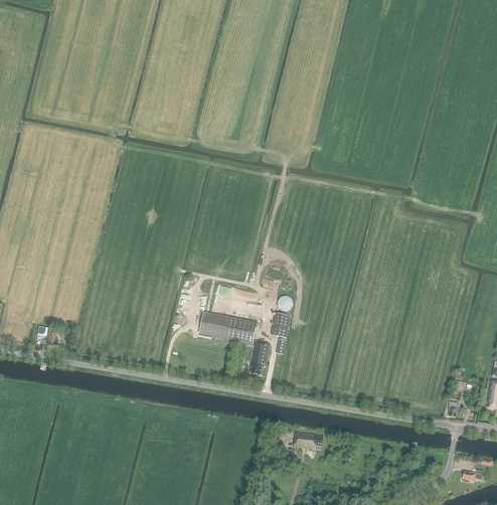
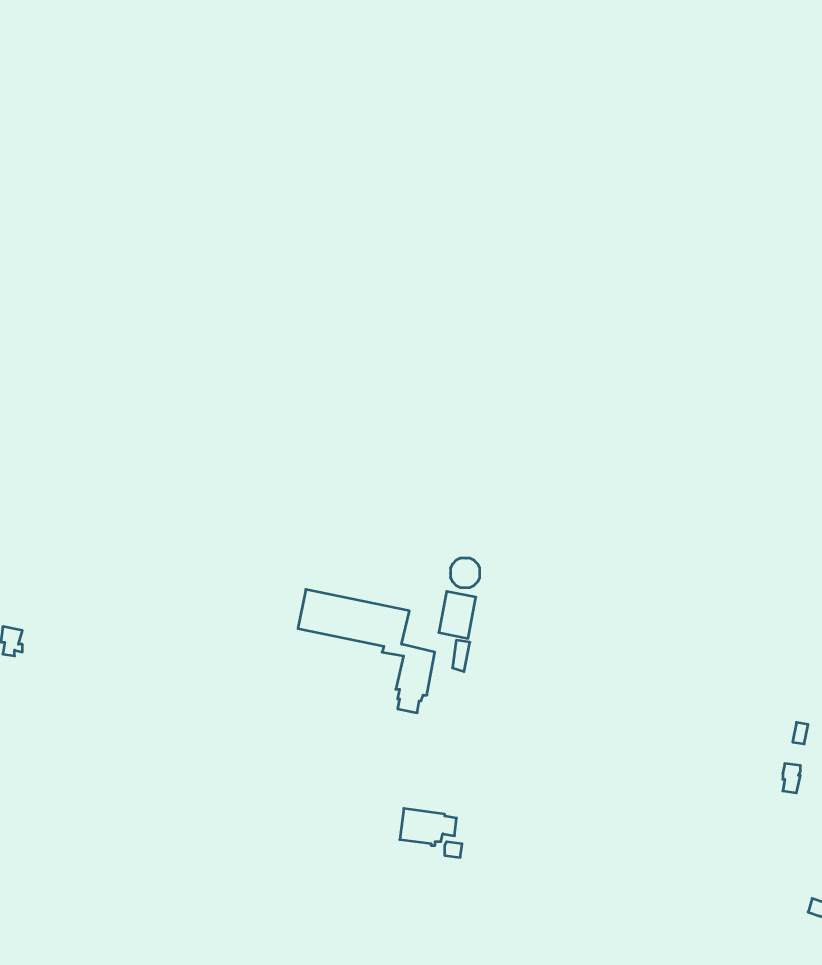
building: [294,431,323,450] -> [400,808,457,845]

